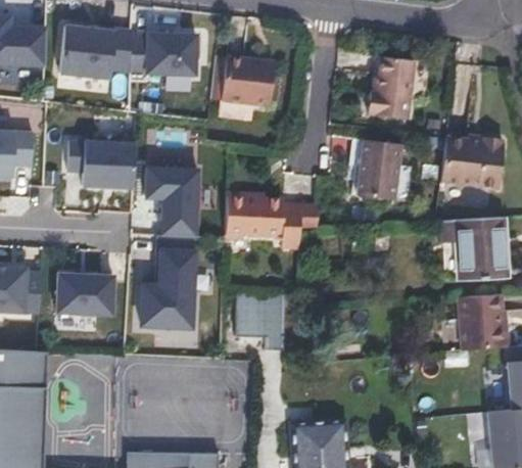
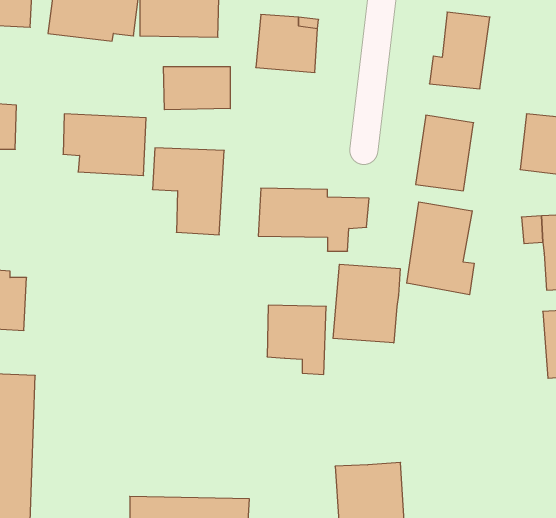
building: none -> [163,67,230,110]
building: none -> [407,202,474,295]
building: [138,244,201,331] -> none
building: none -> [333,264,400,343]
building: [55,271,114,316] -> none

